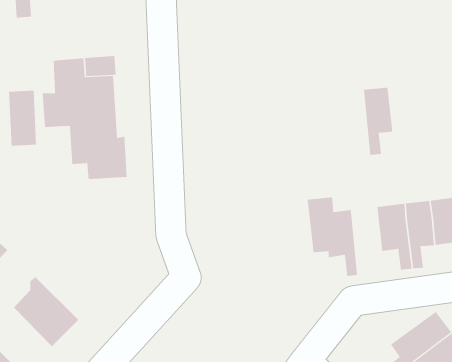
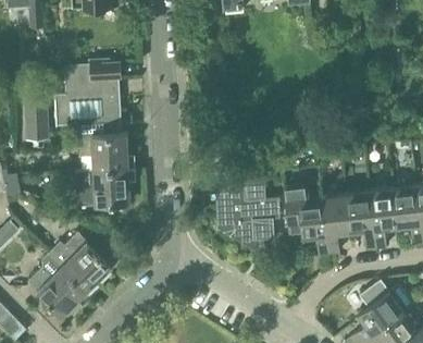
building: [363,87,393,155] -> [324,194,350,254]
building: none -> [211,159,279,256]
building: none -> [75,168,130,206]
building: none -> [48,232,112,293]

